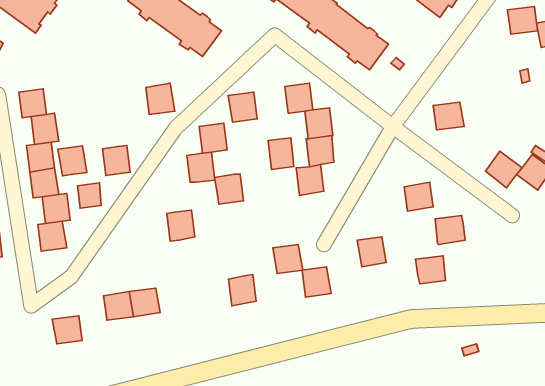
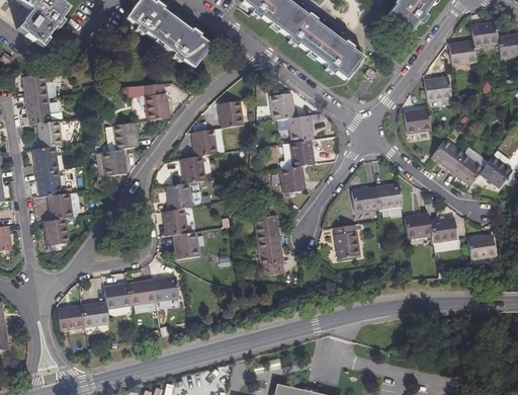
building: none -> [449,41,477,67]
building: none -> [23,74,50,100]
building: none -> [424,78,452,103]
building: none -> [432,140,464,172]
building: [268,138,294,169] -> none
building: [58,146,87,176] -> [113,123,140,150]
building: [214,174,243,204] -> [165,182,191,210]
building: [77,183,101,208] -> none
building: none -> [352,186,380,213]
building: none -> [469,235,498,260]
building: [415,256,446,284] -> [431,217,458,242]
building: [302,267,331,297] -> [255,215,281,242]
building: [228,275,256,306] -> [173,231,198,259]
building: none -> [152,275,179,301]
building: none -> [82,300,109,326]

